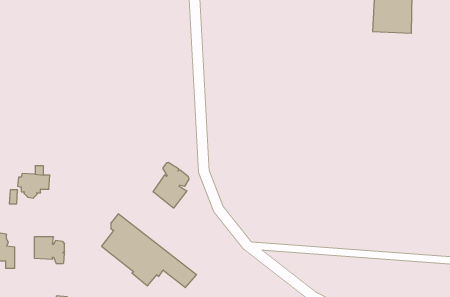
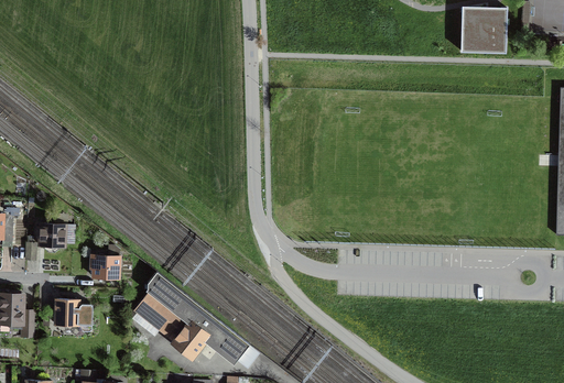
building: [153,162,189,208] -> none
building: none -> [89,245,118,278]

